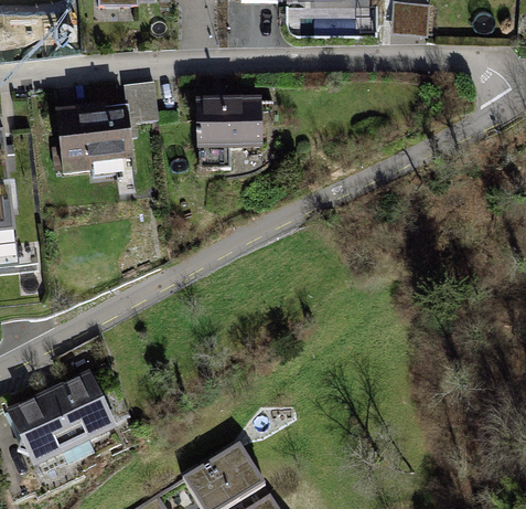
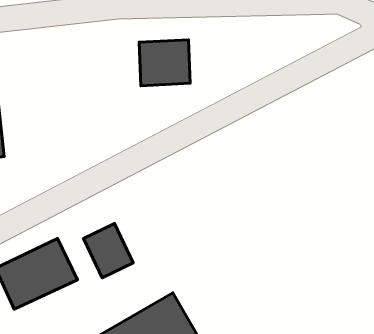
building: [62,77,164,180] -> none
building: none -> [84,223,133,278]

